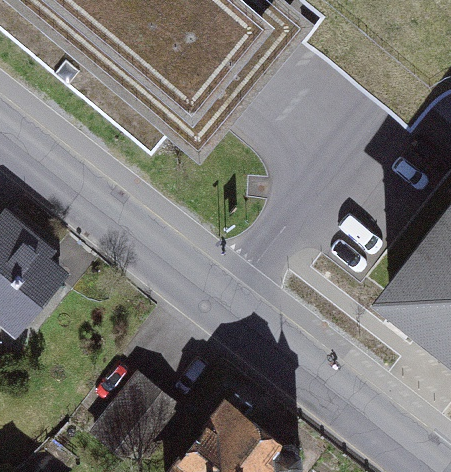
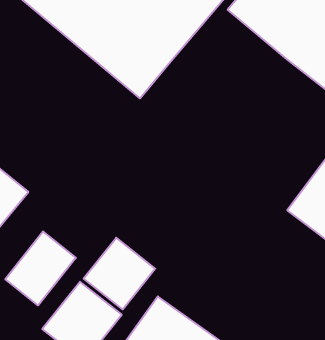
building: none -> [5,231,76,305]
building: none -> [84,238,155,309]

